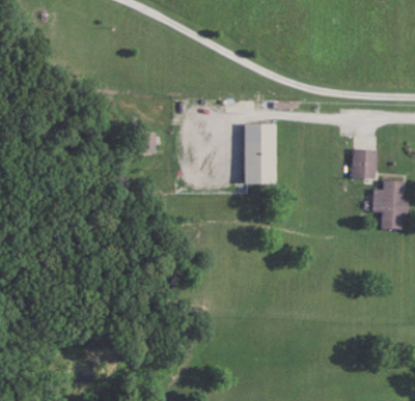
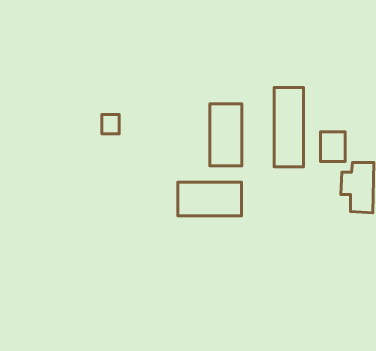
building: none -> [274,87,303,167]
building: none -> [178,182,241,216]

